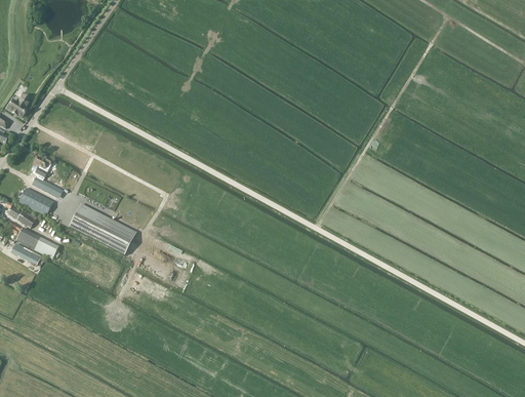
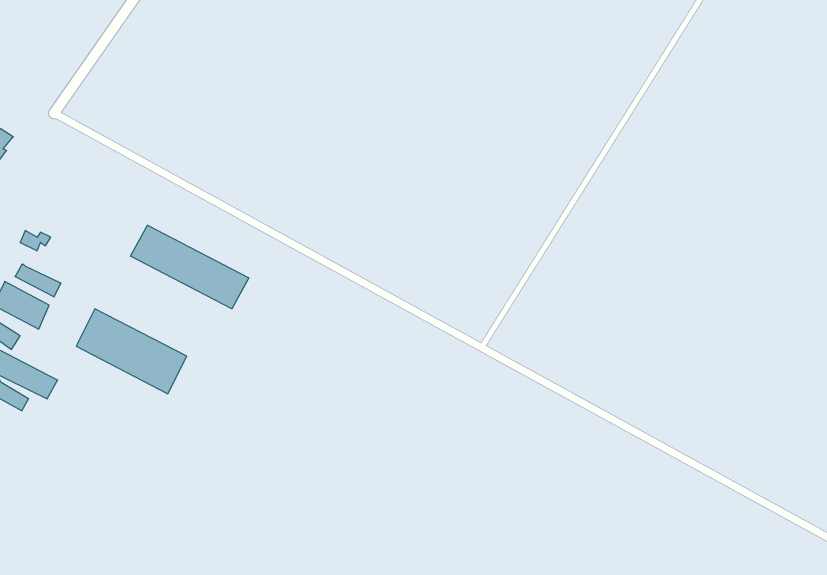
building: none -> [131,225,249,309]

